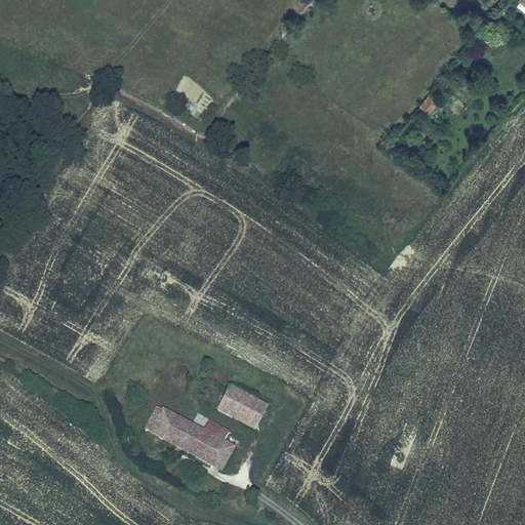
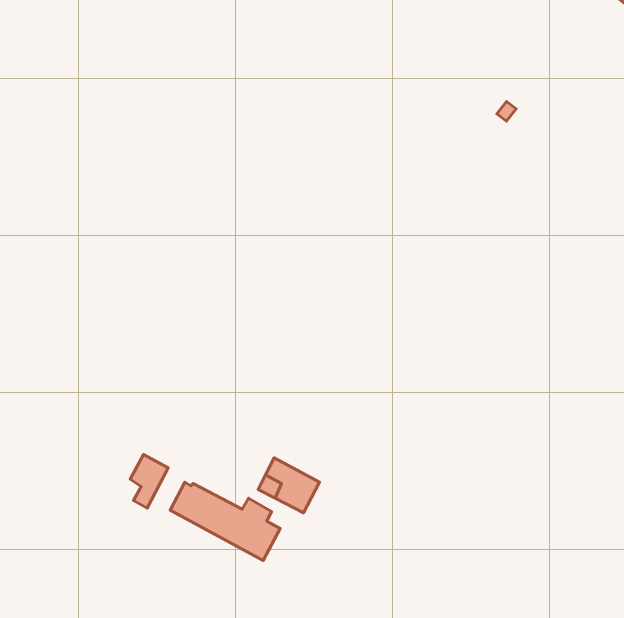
building: none -> [130,455,168,508]

